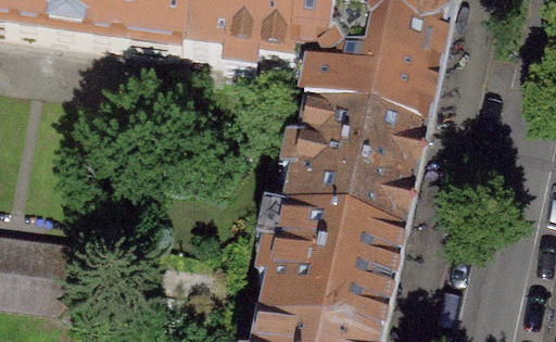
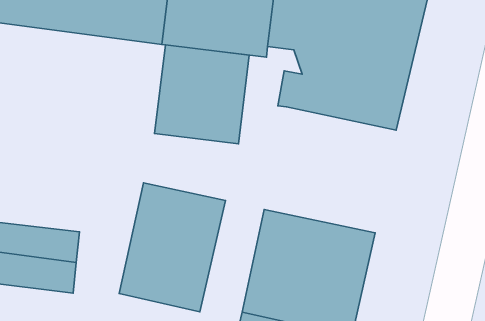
building: none -> [155,45,249,144]
building: [283,114,419,243] -> none
building: none -> [119,183,225,312]

